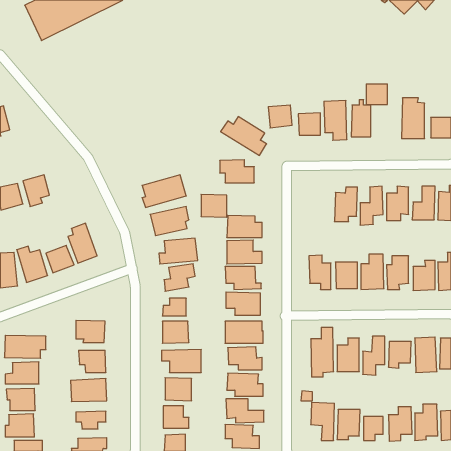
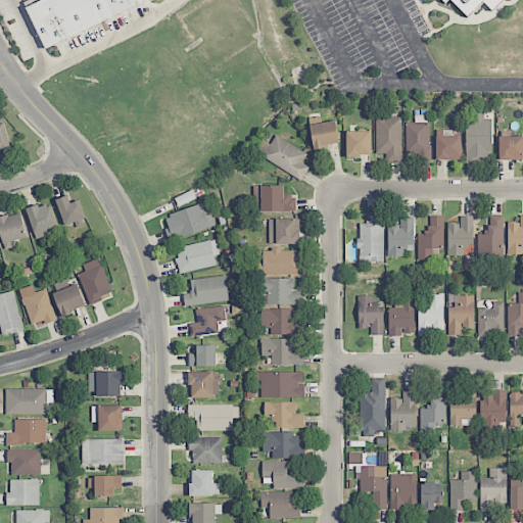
building: [366,84,387,104] -> [436,136,461,159]
building: none -> [55,195,86,226]
building: none -> [358,215,384,262]
building: [201,194,227,217] -> [269,218,298,244]

